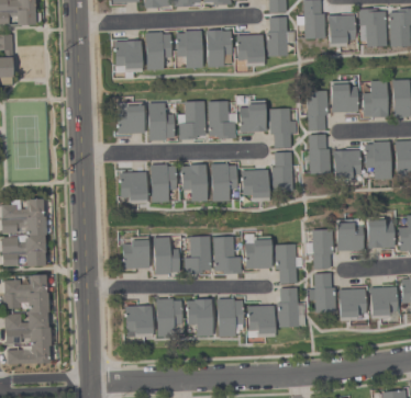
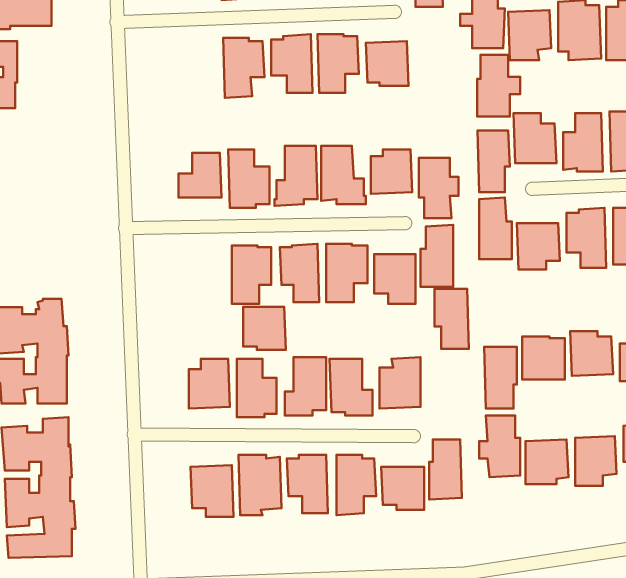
building: [267,16,295,56] -> [477,55,520,116]
building: [114,41,142,78] -> none
building: [120,172,147,200] -> [243,307,286,350]
building: [275,245,297,283] -> [434,289,469,349]

